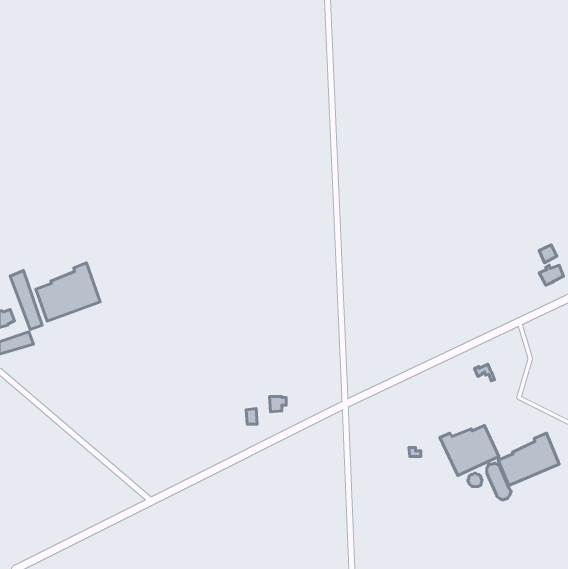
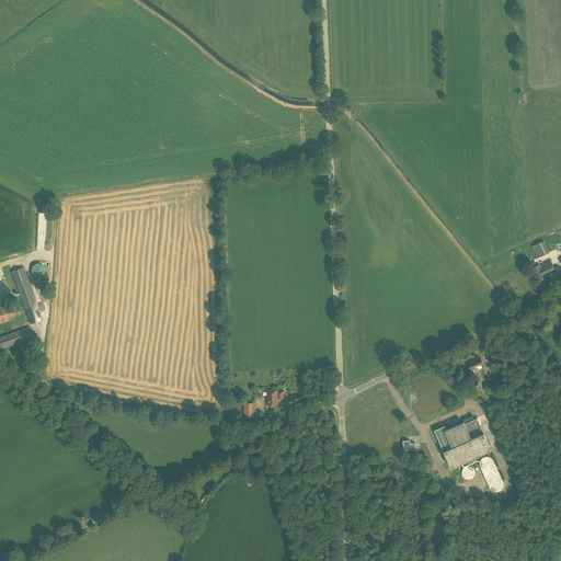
building: [36,263,100,321] -> none
building: [498,433,559,486] -> none

